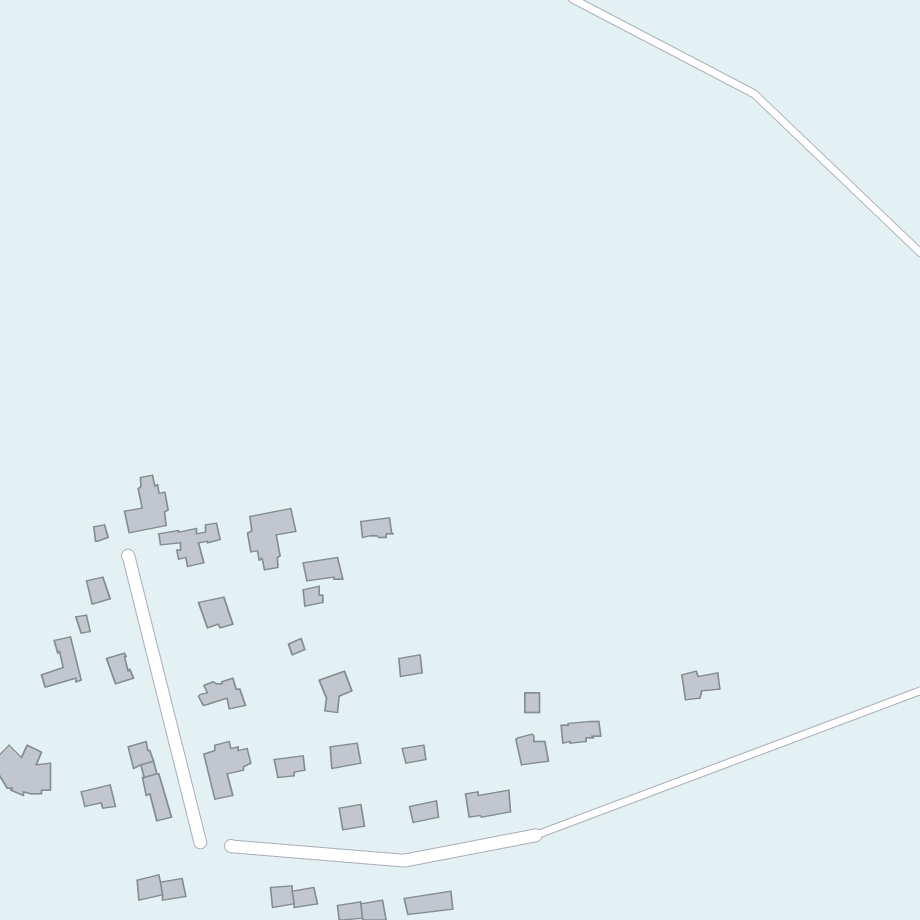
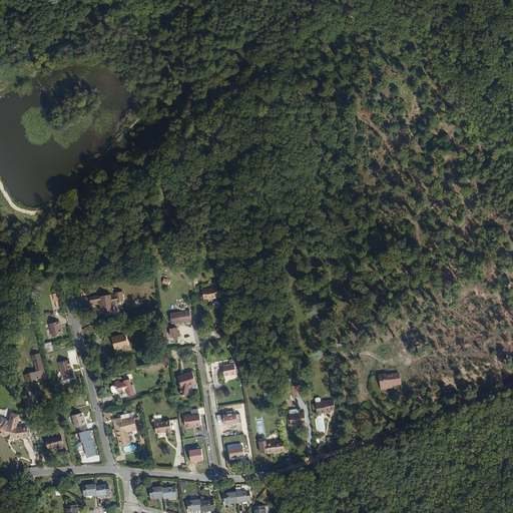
building: [124,475,168,533] -> none
building: [247,509,296,570] -> none

